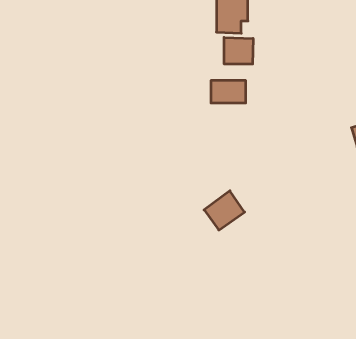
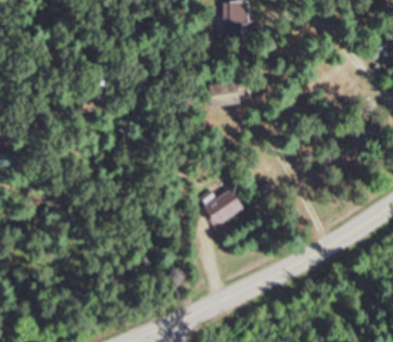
building: [224,37,253,64] -> none

